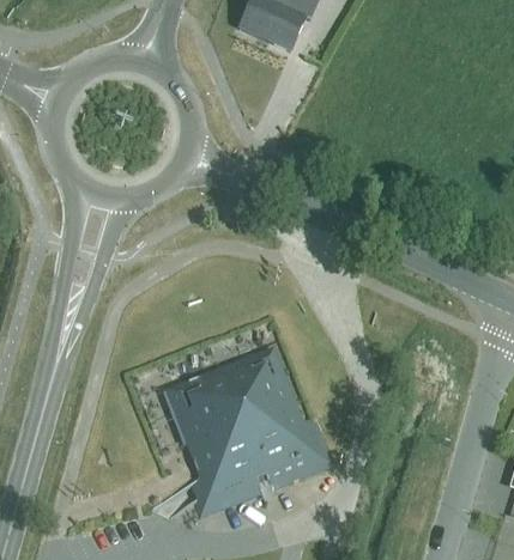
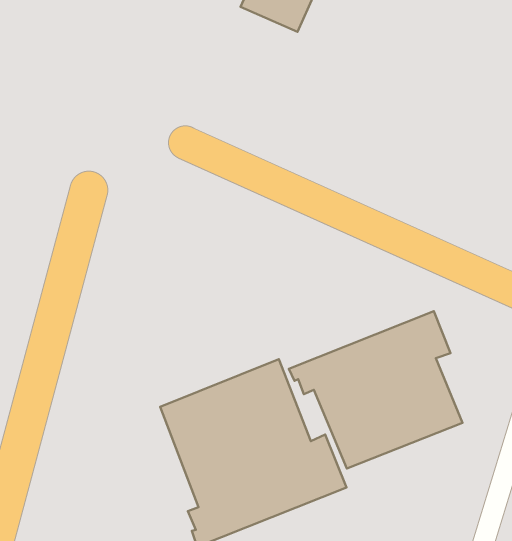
building: none -> [289,311,462,469]

